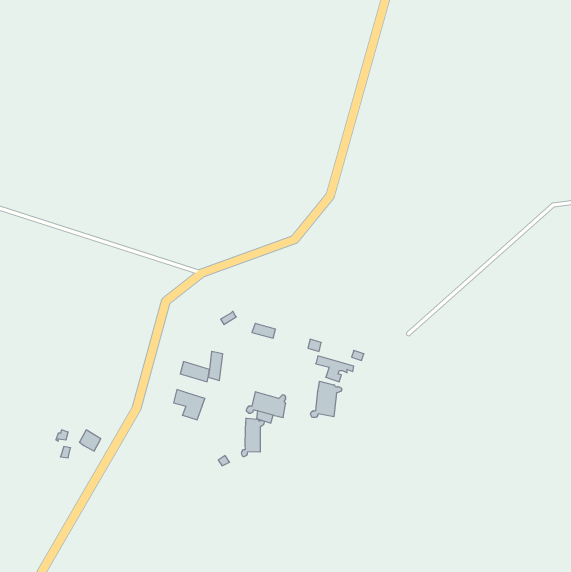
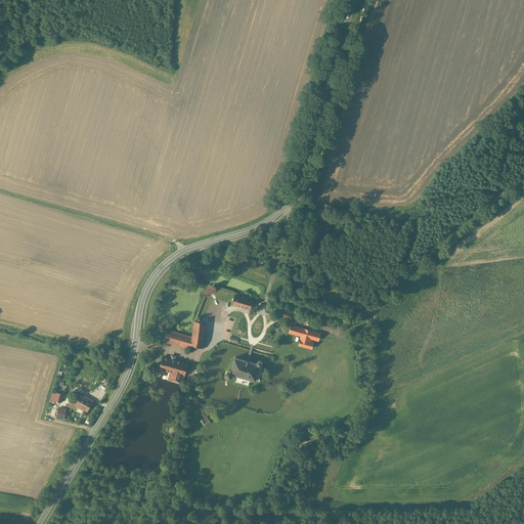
building: [310,381,342,417] -> none
building: [241,418,264,457] -> none

